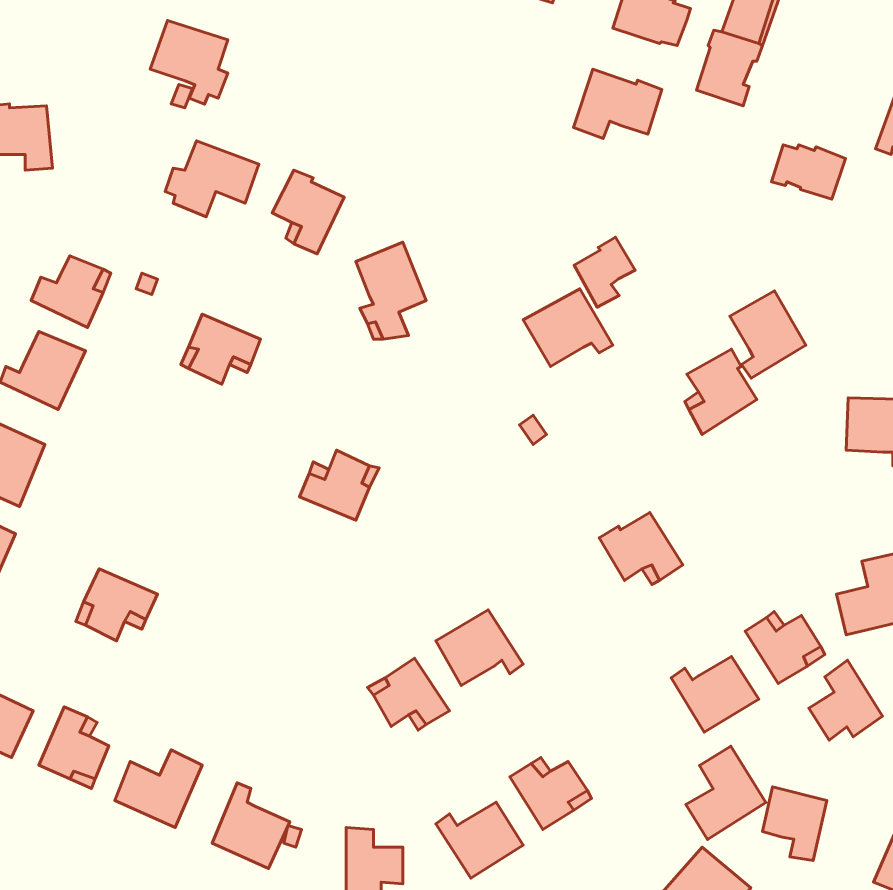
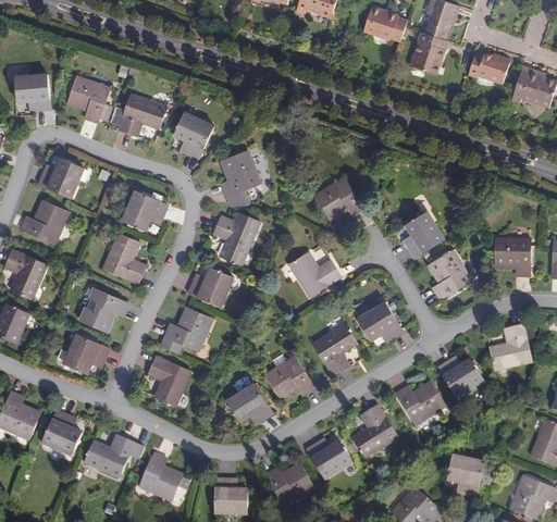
building: [150,20,228,104] -> [66,76,110,123]
building: [574,69,662,139] -> none
building: [771,145,845,199] -> [468,52,509,83]
building: [574,237,635,307] -> none
building: [730,291,806,378] -> [428,249,470,298]
building: none -> [213,215,262,264]
building: none -> [102,233,145,283]
building: none -> [288,251,341,297]
building: none -> [79,287,127,332]
building: none -> [164,306,211,349]
building: none -> [312,323,357,375]
building: none -> [148,356,189,405]
building: [809,660,883,740] -> none
building: [686,746,766,839] -> [352,405,397,457]

